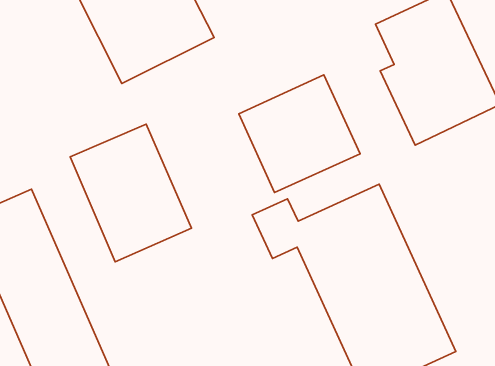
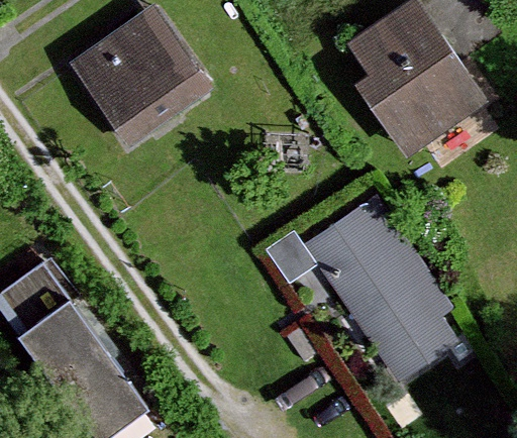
building: [239,75,360,192] -> none
building: [70,124,191,262] -> none

